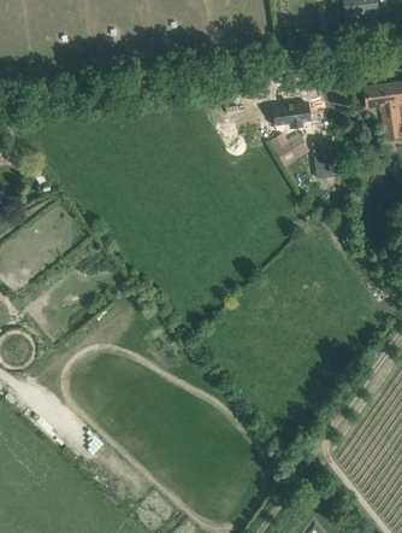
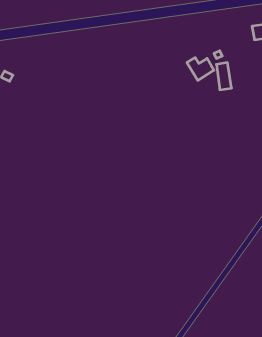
building: [273,101,315,131] -> none

